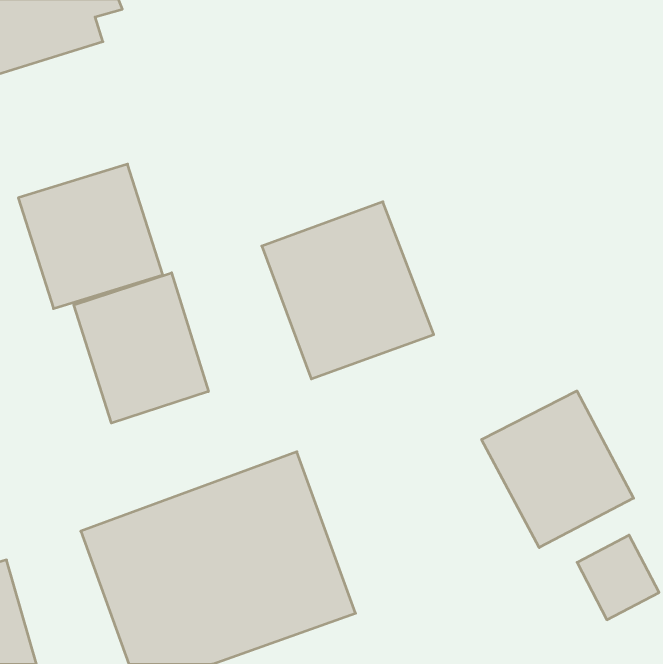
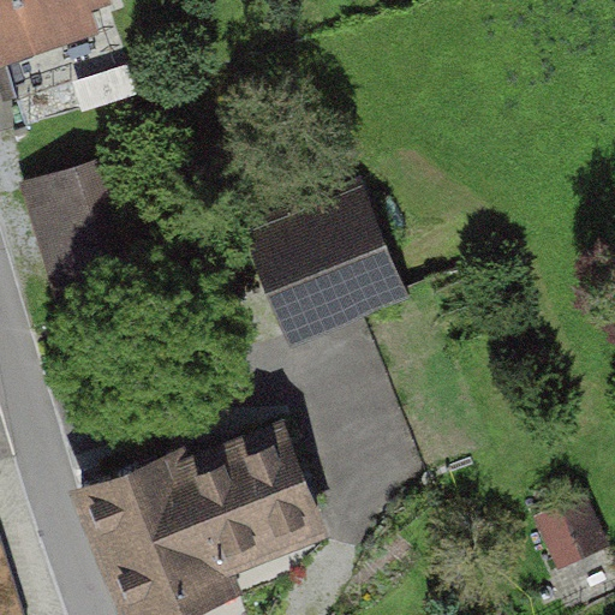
building: [74,273,208,423] -> none
building: [482,391,634,548] -> none

